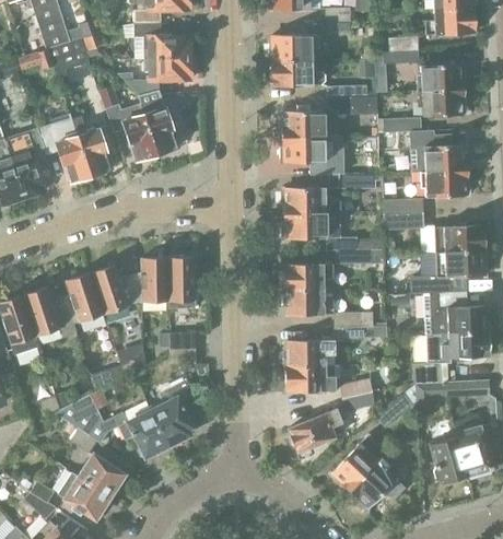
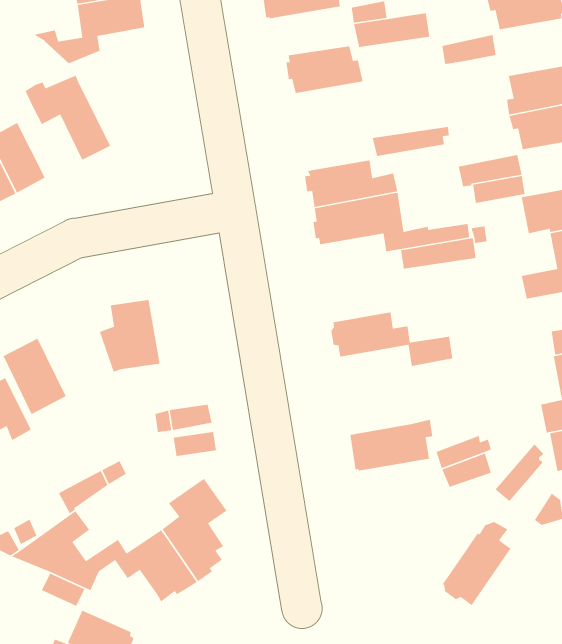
building: [138,91,178,154] -> none
building: [281,137,344,162] -> none
building: [167,257,196,302] -> none
building: [284,263,334,291] -> none
building: [91,265,137,314] -> none
building: [284,327,361,366] -> none
building: [289,410,341,454] -> none
building: [349,457,403,508] -> none

